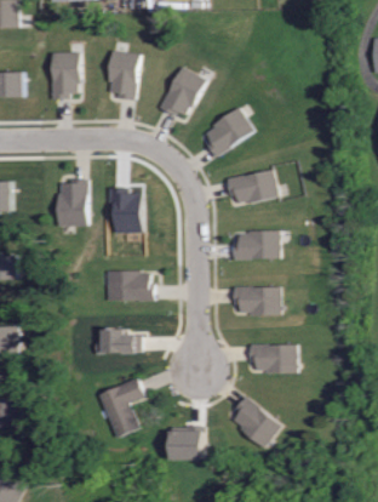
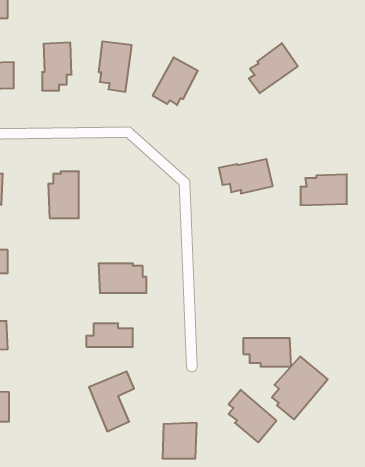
building: [205,105,253,155] -> [249,43,298,93]
building: [111,192,145,234] -> none
building: [233,228,279,258] -> [300,174,347,205]
building: [234,286,280,315] -> none
building: none -> [272,356,328,419]

